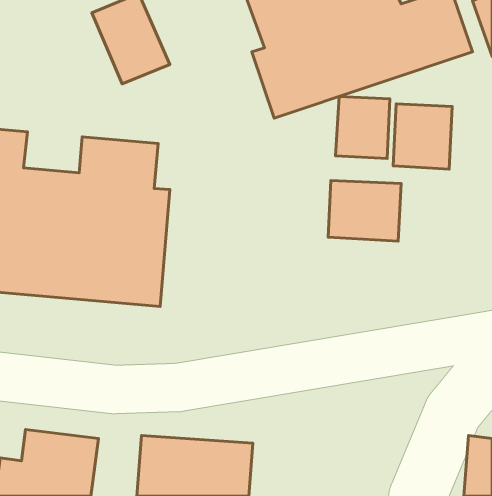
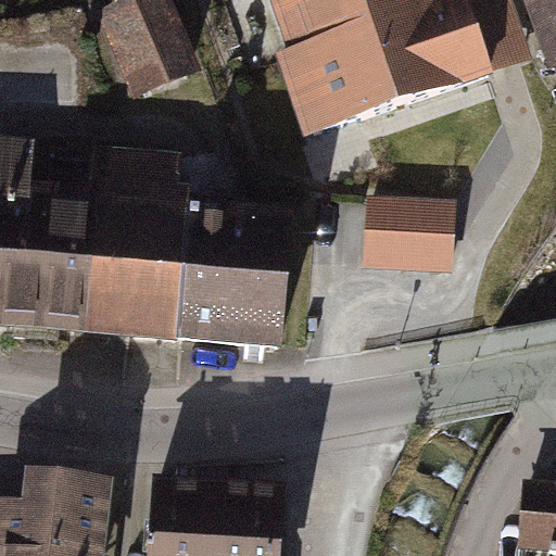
building: [336,96,390,159] -> none
building: [393,104,452,169] -> none
building: none -> [178,211,289,349]

